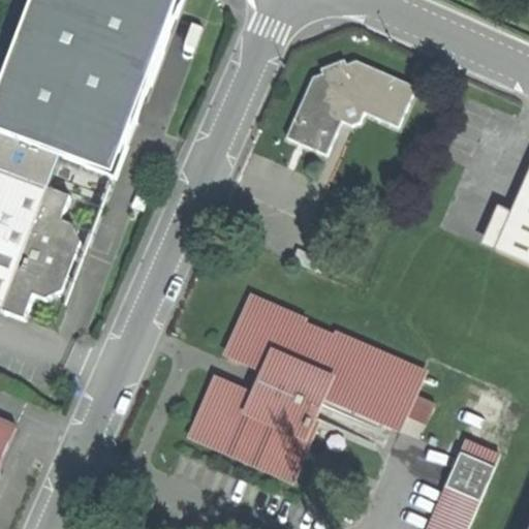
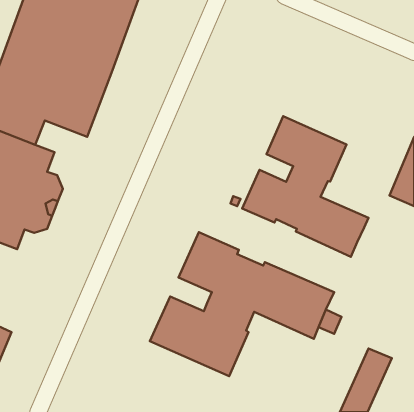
building: [283,56,414,152] -> none
building: none -> [242,116,369,257]

